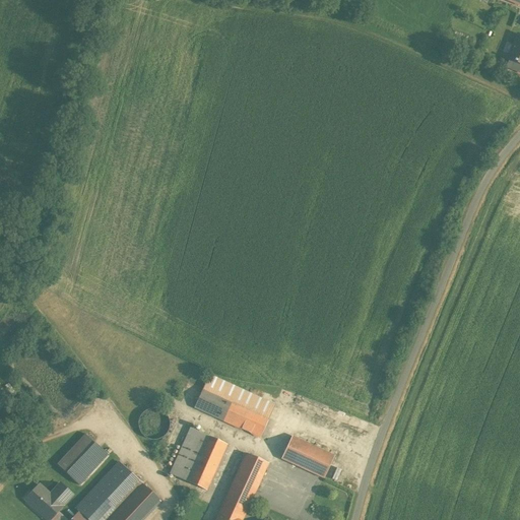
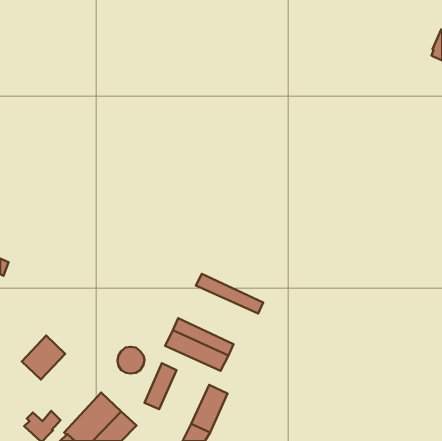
building: none -> [196,274,263,314]
building: [57,433,108,484] -> [22,336,65,380]
building: [187,435,225,489] -> none
building: [280,436,333,477] -> none

